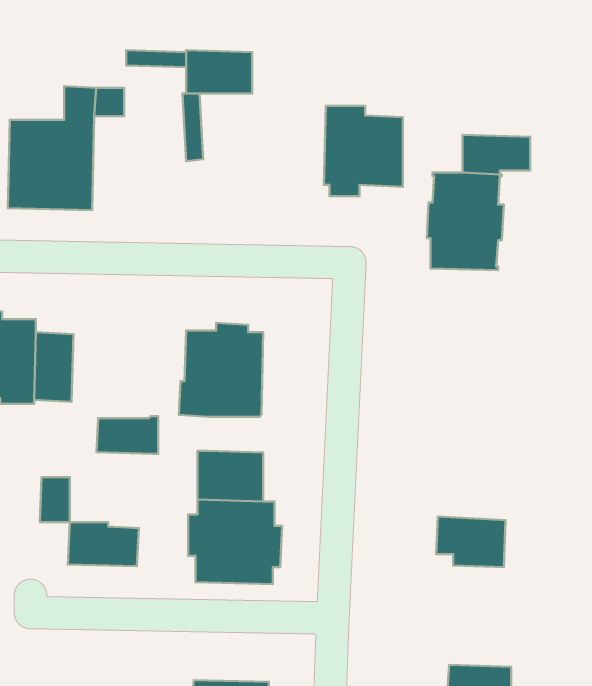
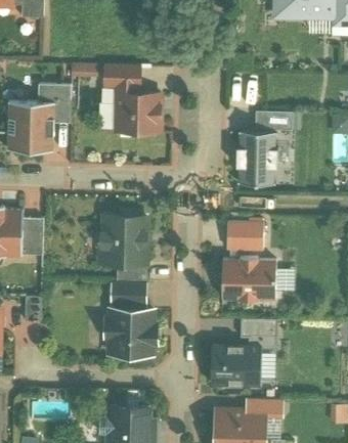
building: [324,106,403,196] -> [117,88,160,137]
building: none -> [219,219,287,306]
building: [96,416,158,454] -> [116,263,149,283]
building: [68,522,139,566] -> none
building: none -> [212,345,263,388]

